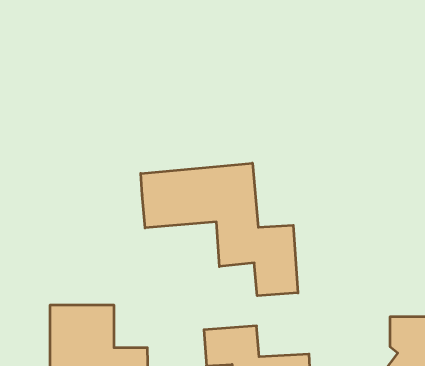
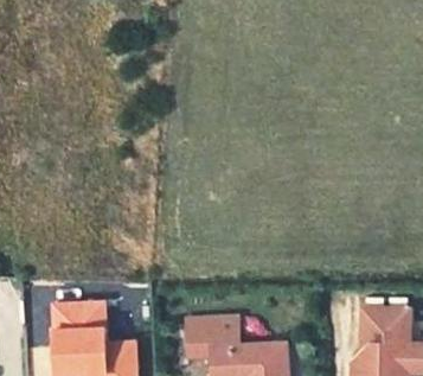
building: [141,163,298,296] -> none

